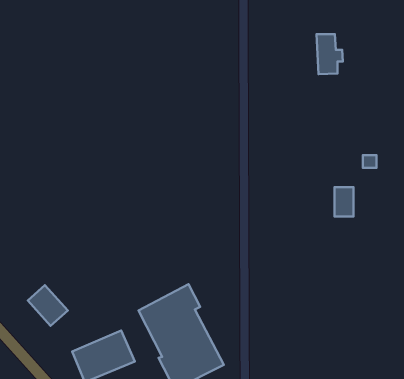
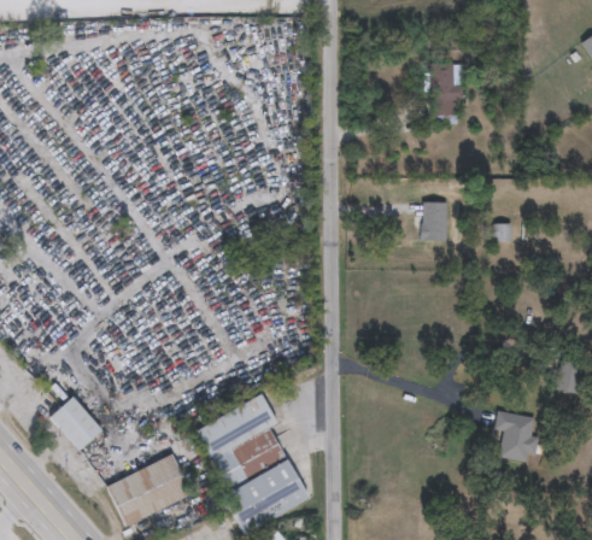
building: [334,187,353,216] -> [422,200,447,239]
building: none -> [496,409,540,460]

